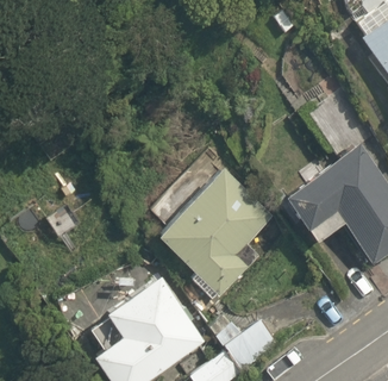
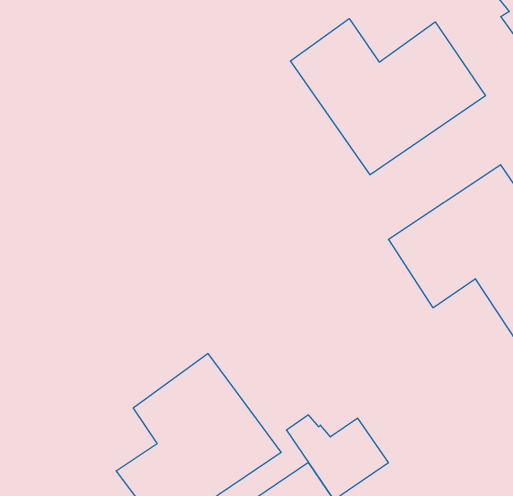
building: none -> [290,19,485,175]
building: [152,165,275,300] -> none

